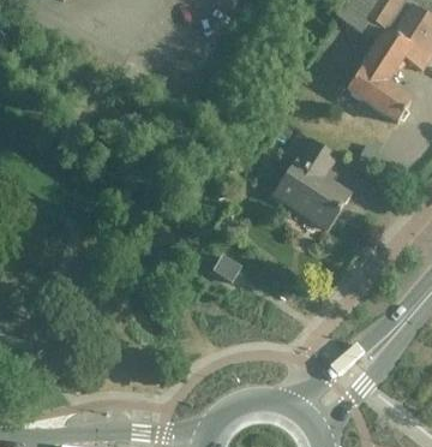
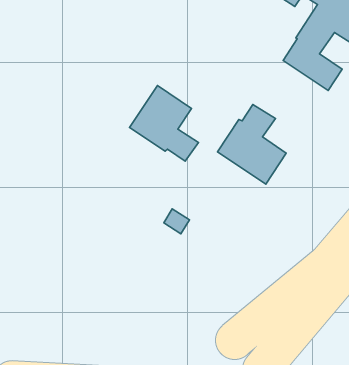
building: none -> [130,86,199,161]

